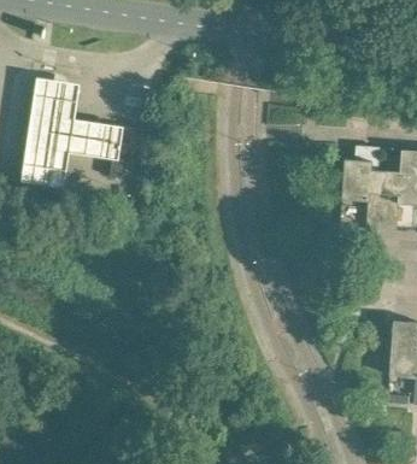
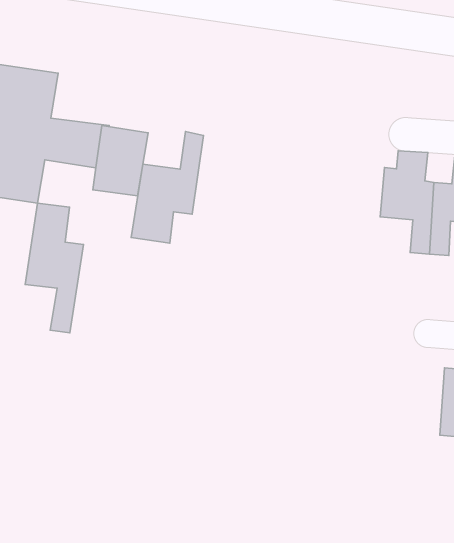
building: none -> [131,131,204,243]
building: none -> [25,203,84,333]

